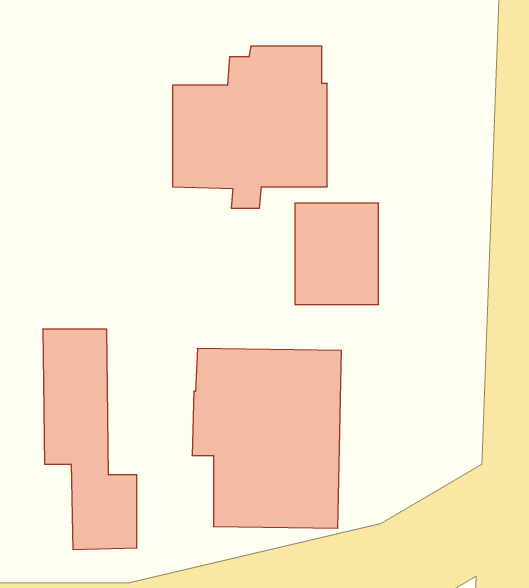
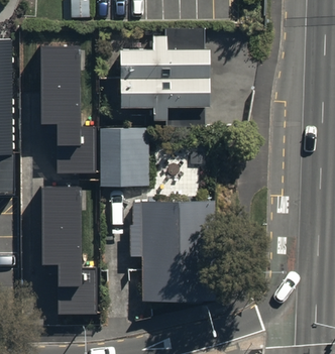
building: none -> [40,47,95,172]
building: [295,203,379,304] -> [99,128,146,186]

